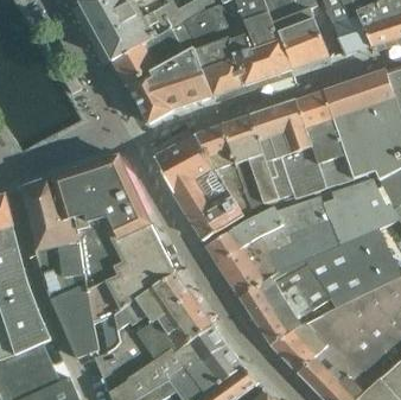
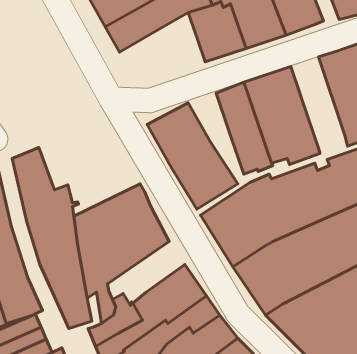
building: [127,46,211,122] -> none
building: [295,90,351,184] -> none
building: [195,126,235,173] -> none
building: [47,157,147,247] -> none
building: [115,272,191,335] -> none

